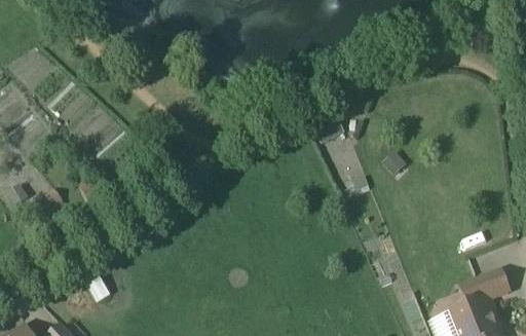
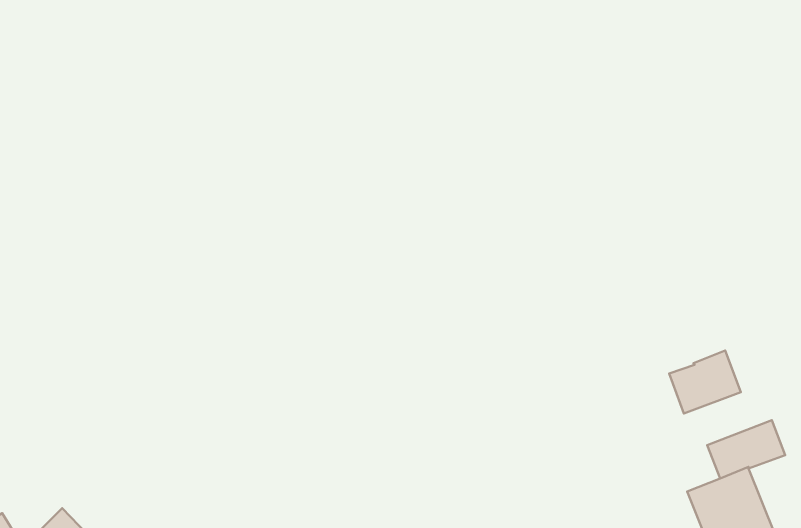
building: none -> [669,350,741,414]

